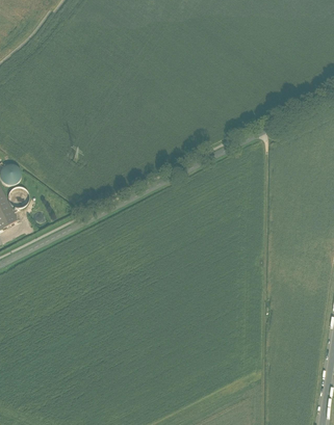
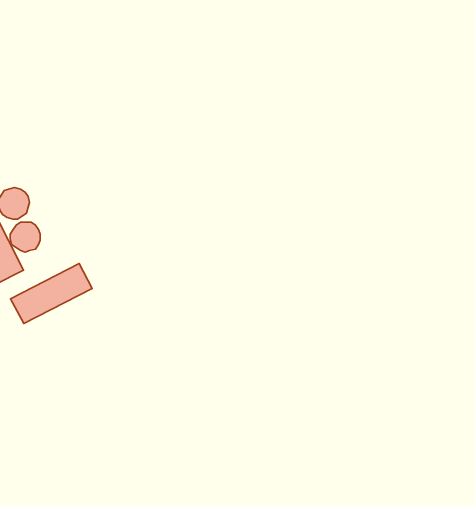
building: none -> [11,264,92,323]

